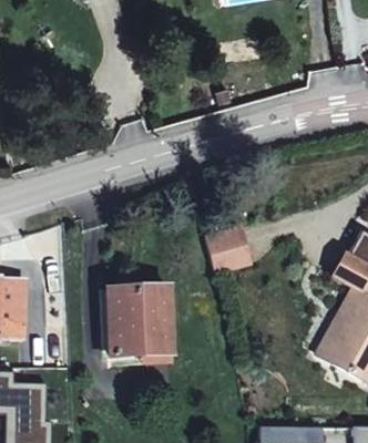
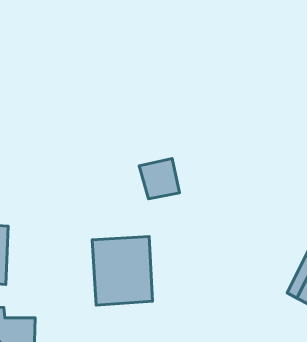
building: [206,231,249,275] -> [139,158,179,199]

